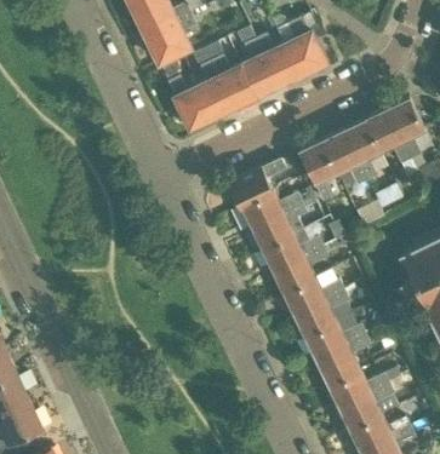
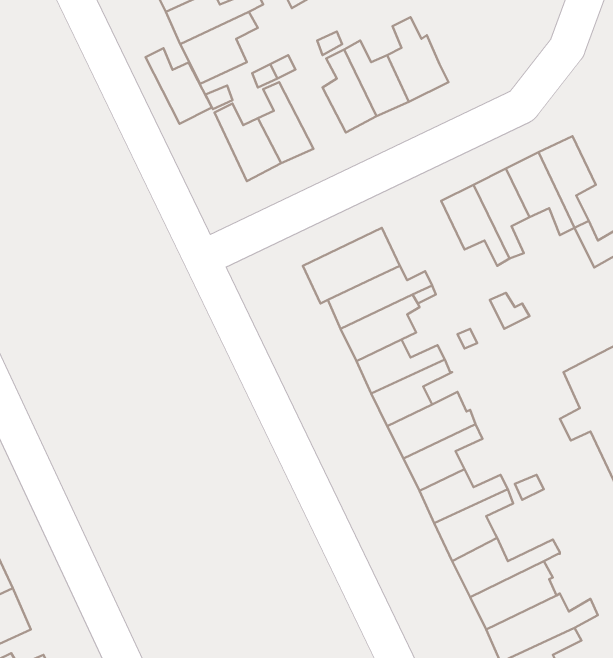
building: [211,57,256,108] -> [145,48,212,124]
building: [297,143,336,203] -> none

